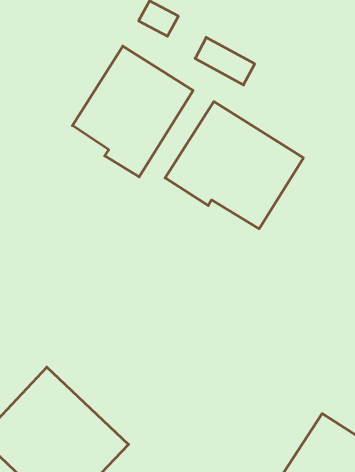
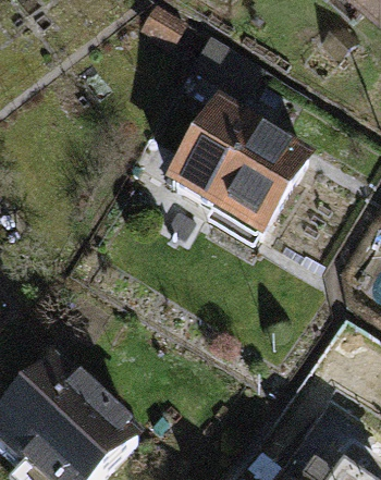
building: [72,46,193,177] -> none

